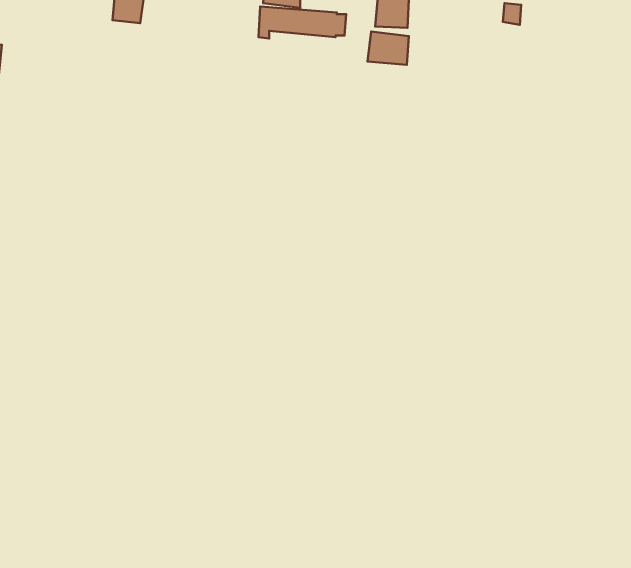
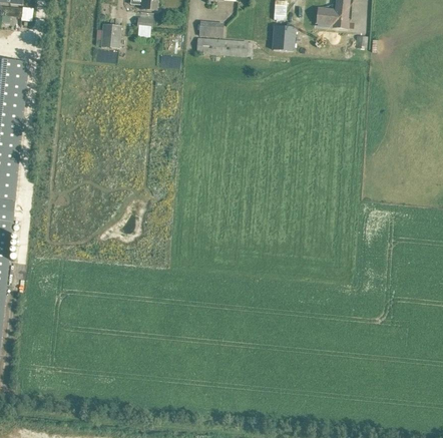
building: [367,32,409,65] -> none

